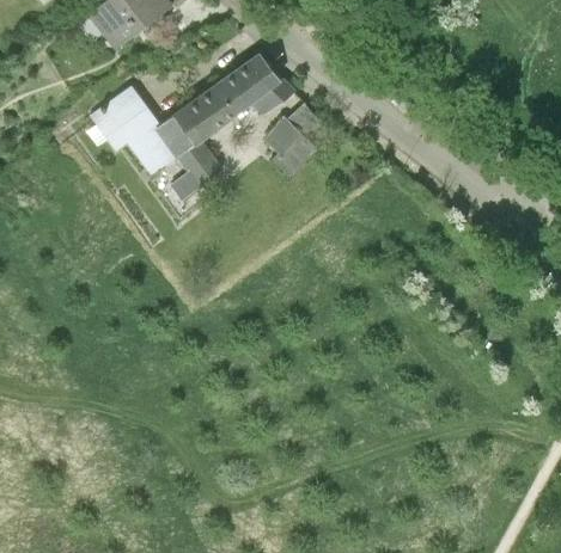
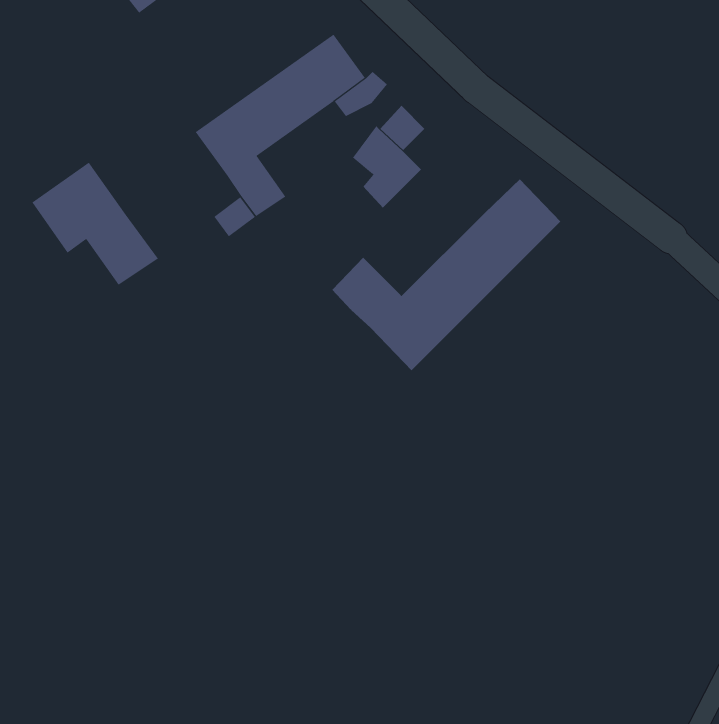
building: [91,87,181,174] -> [32,162,159,286]
building: none -> [332,178,561,371]

